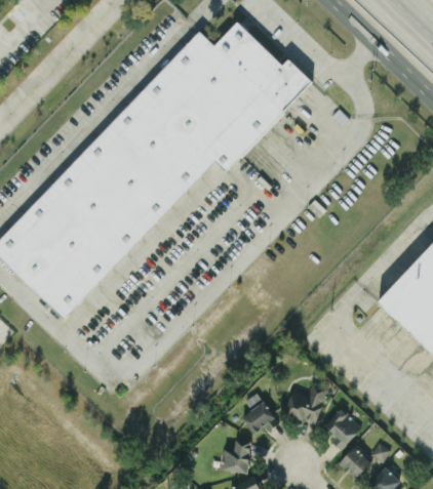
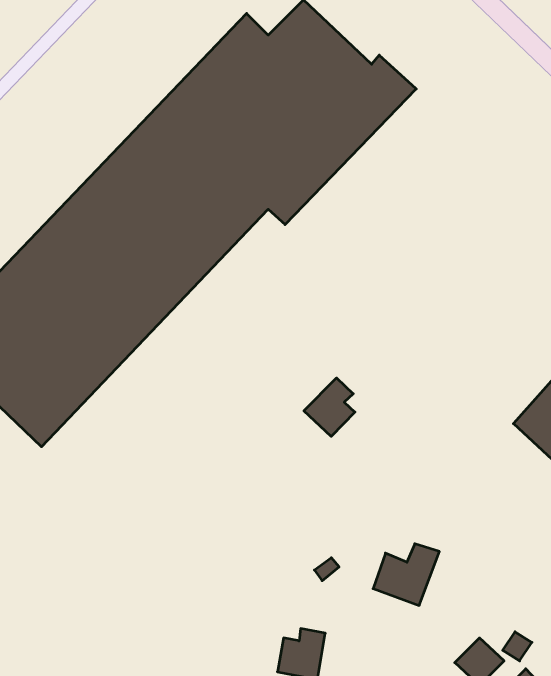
building: none -> [304,378,355,436]
building: [242,401,279,433] -> none
building: [324,408,362,450] -> none

